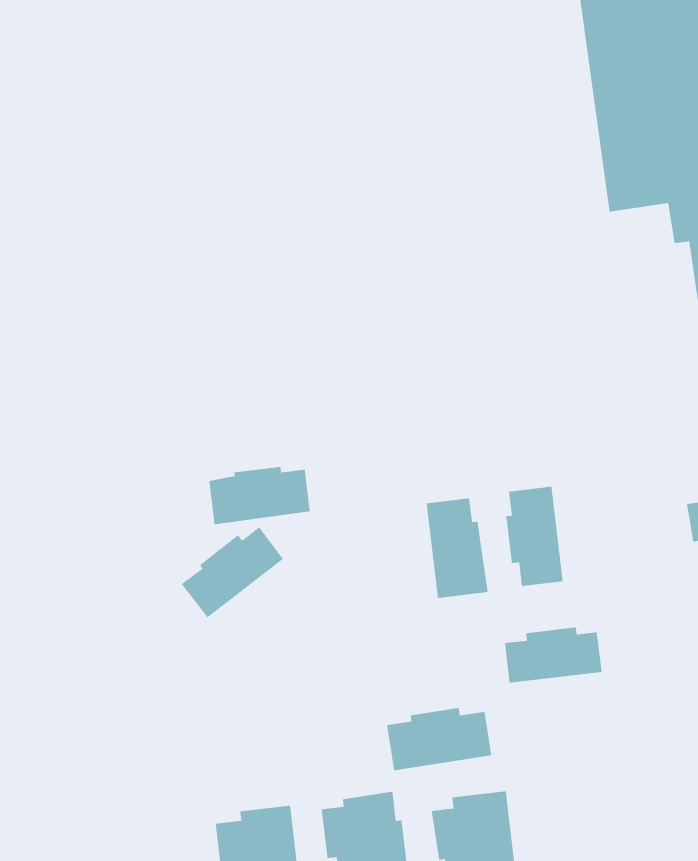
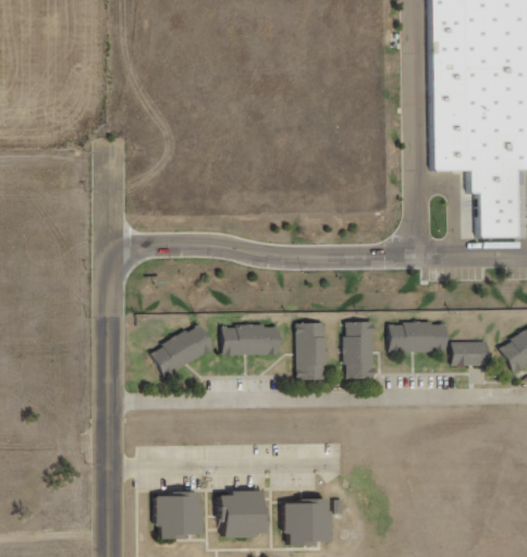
building: [208,467,311,525] -> [224,325,282,355]
building: [504,627,602,683] -> [393,322,449,350]
building: [386,707,492,771] -> none

